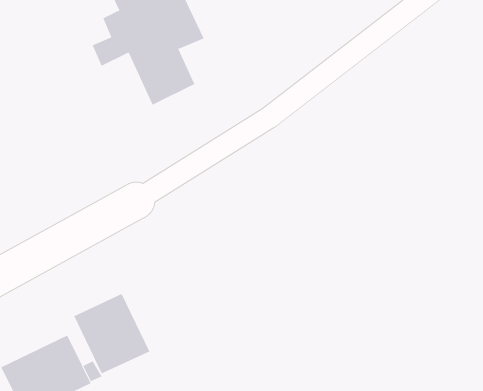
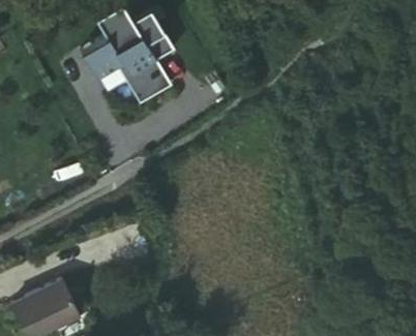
building: [73,293,150,374] -> none

